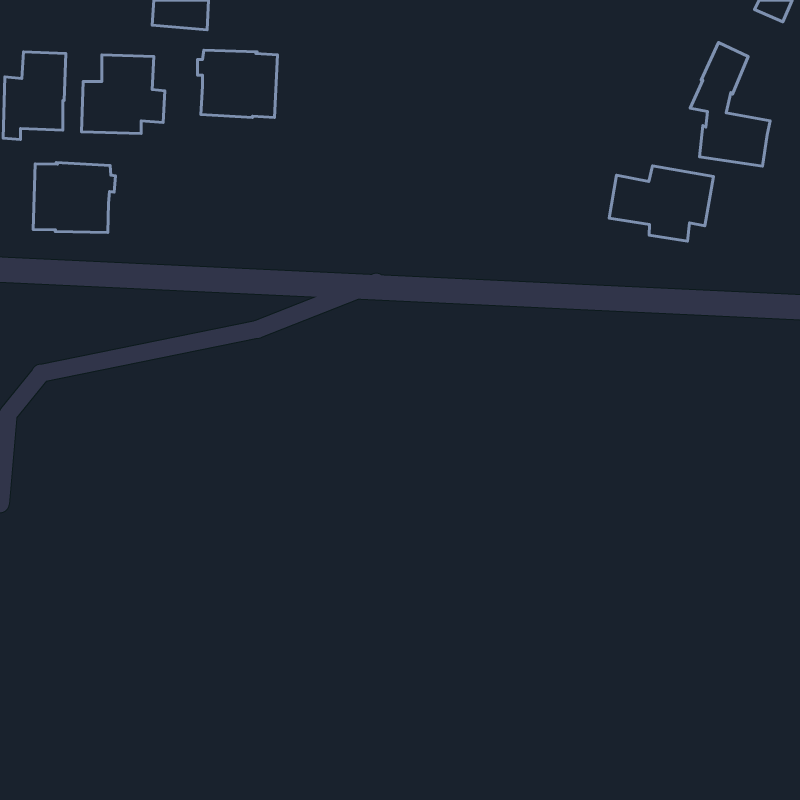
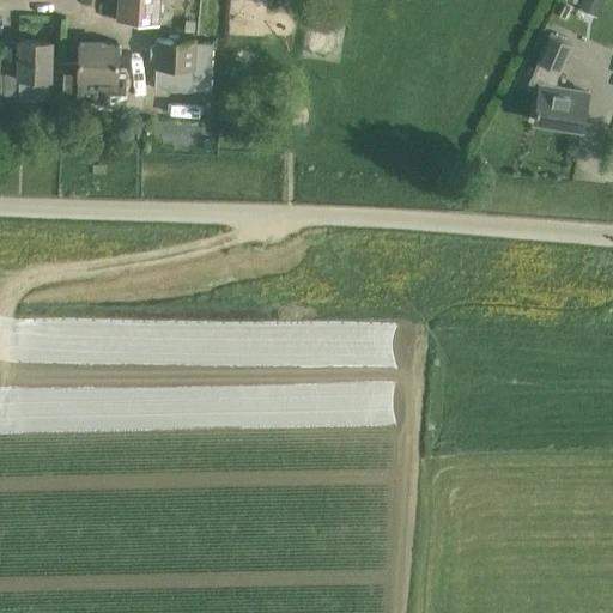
building: [33,162,116,233] -> none
building: [609,166,714,241] -> none

